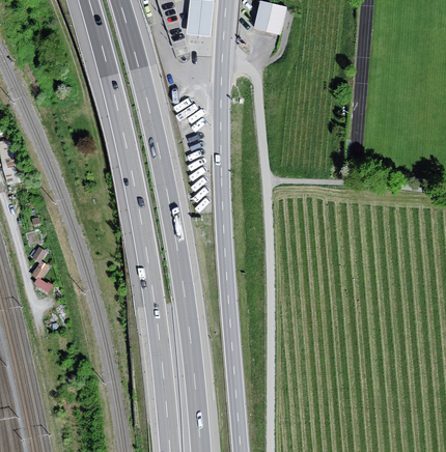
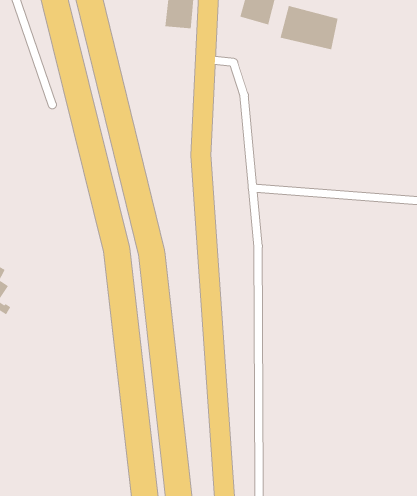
building: none -> [280,5,338,50]

